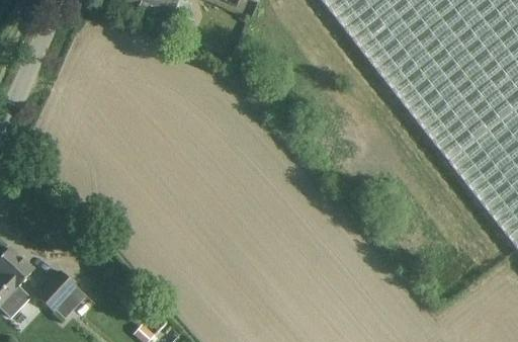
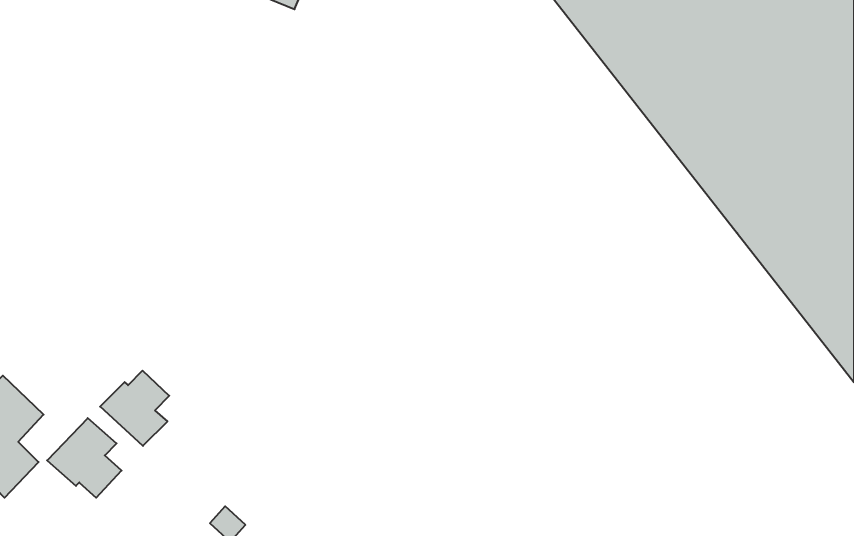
building: none -> [100,371,169,446]

